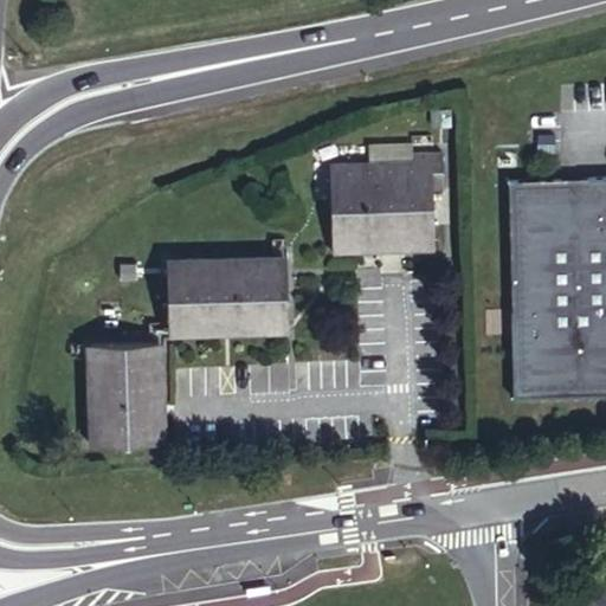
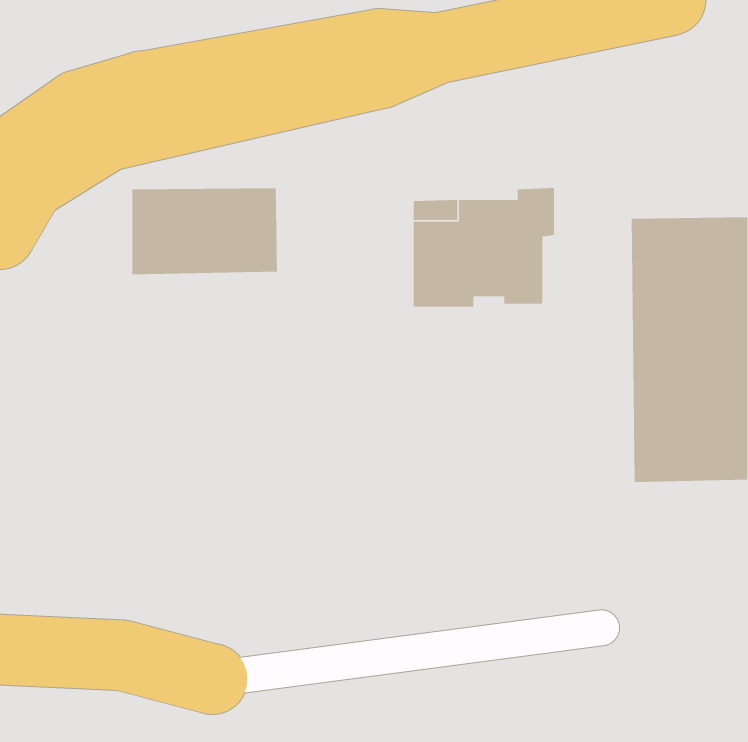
building: [169,260,288,331] -> [132,187,278,275]
building: [89,346,161,446] -> none

